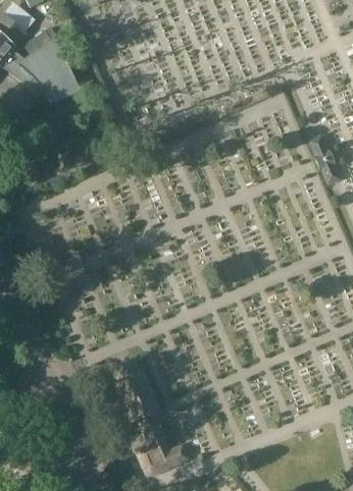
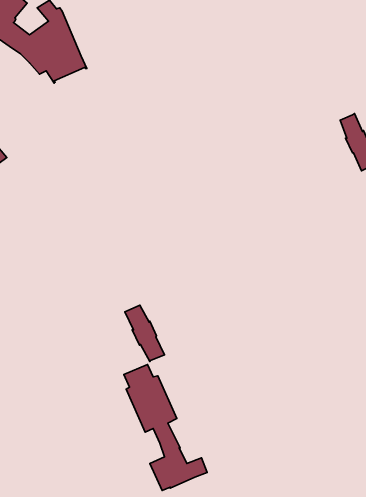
building: none -> [125,305,165,361]

